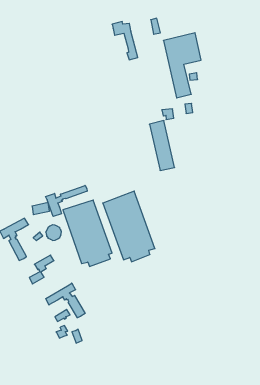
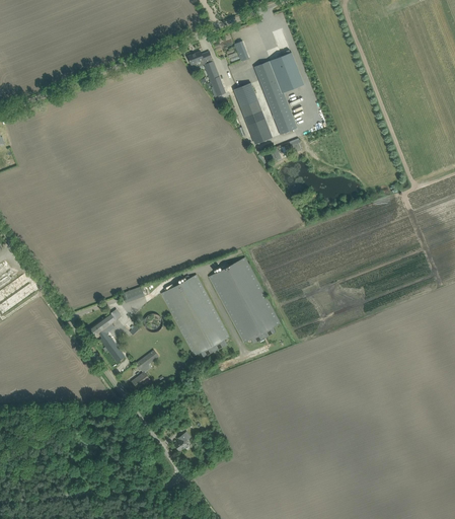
building: [149,121,175,170] -> [233,82,272,144]
building: [46,185,87,216] -> none
building: [46,283,85,318] -> none

